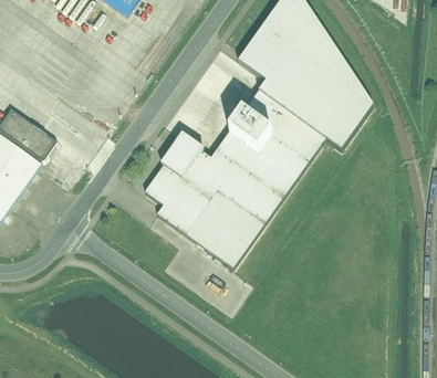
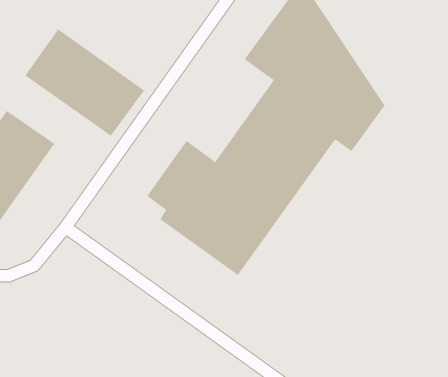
building: none -> [25,29,145,136]

